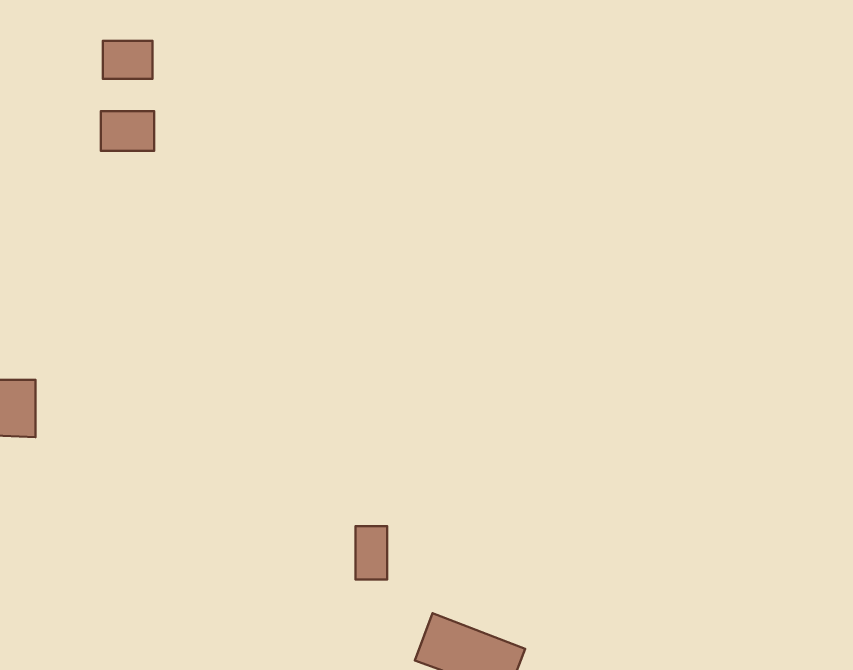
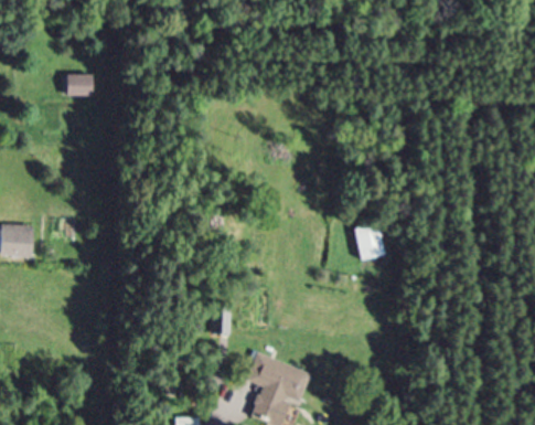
building: [103,41,152,79] -> none
building: none -> [352,223,383,261]

